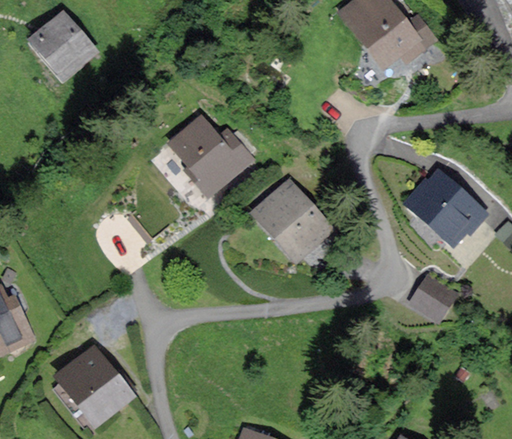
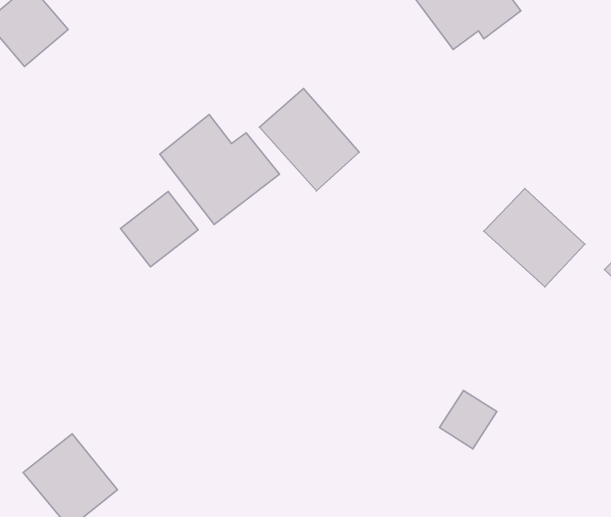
building: none -> [120,191,198,267]
building: [255,181,330,258] -> [260,89,359,191]
building: [412,274,455,318] -> [440,390,497,449]

